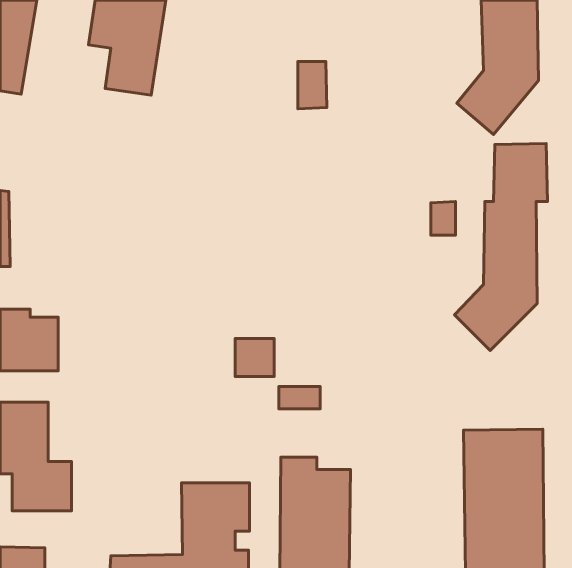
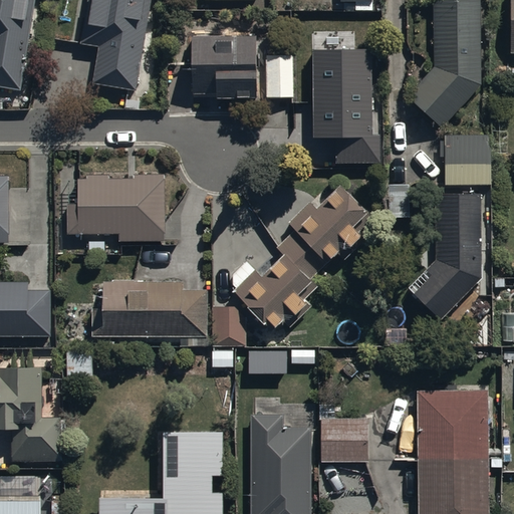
building: none -> [192,40,257,101]
building: none -> [312,53,380,167]
building: none -> [67,173,167,243]
building: none -> [232,181,378,329]
building: none -> [90,280,206,334]
building: none -> [319,405,368,462]

